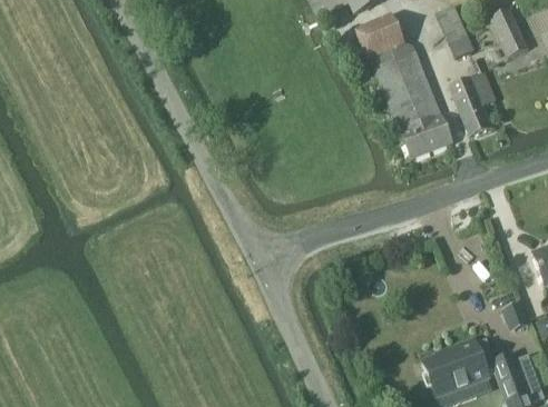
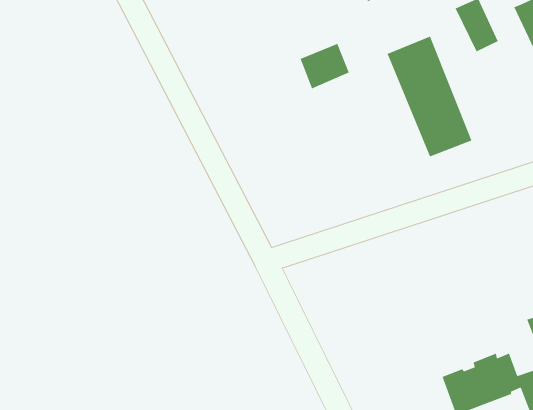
building: [358,16,404,59] -> [300,43,350,90]
building: [449,71,495,135] -> none

